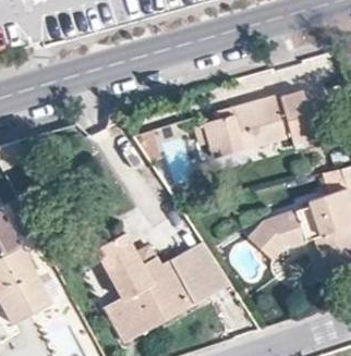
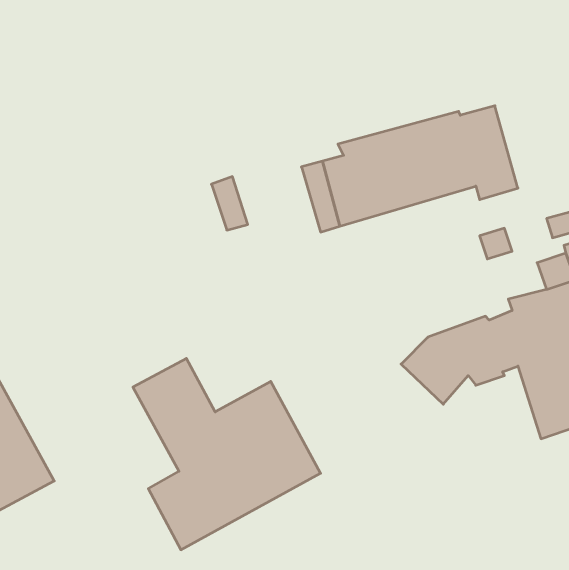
building: [173,235,229,299] -> none

